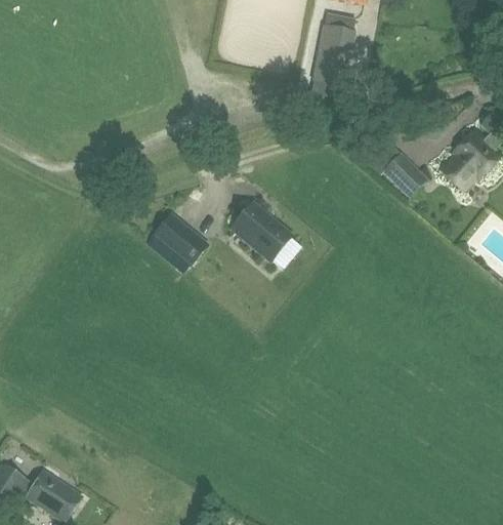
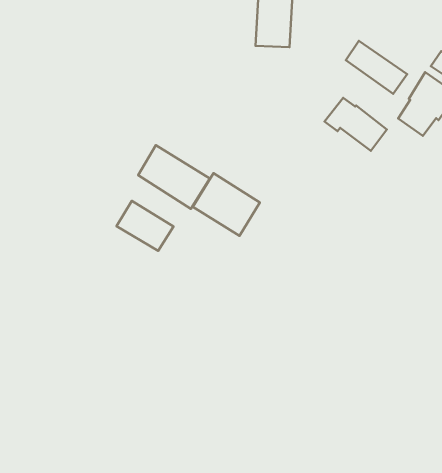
building: none -> [346,41,407,94]
building: none -> [138,145,210,209]

